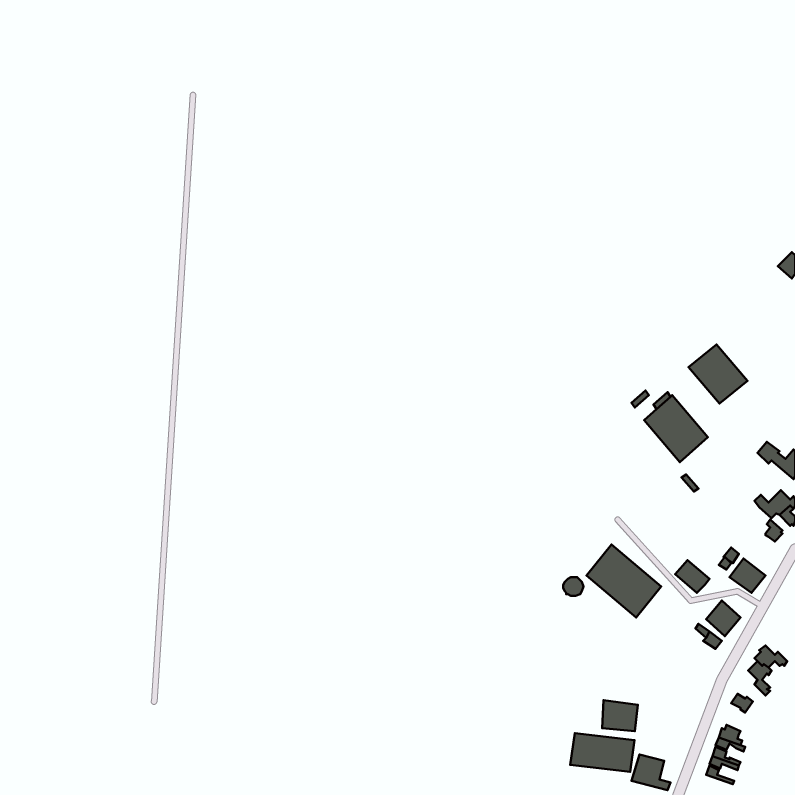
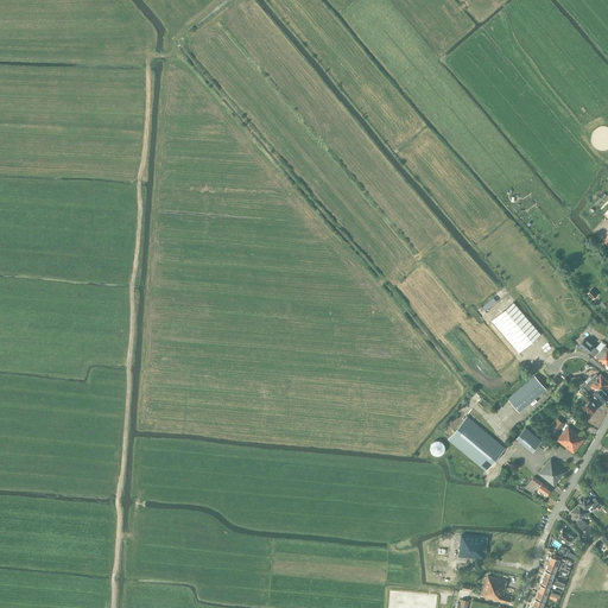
building: [689,344,747,404] -> none
building: none -> [508,376,546,412]
building: [570,733,635,772] -> none

